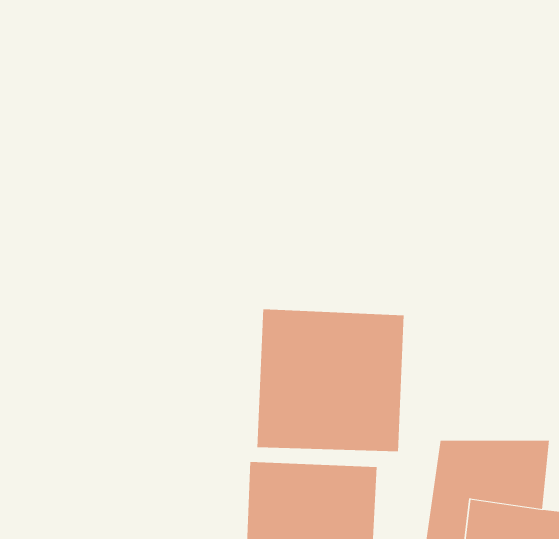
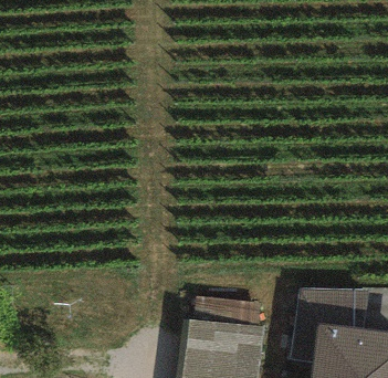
building: [257,309,404,452] -> none

